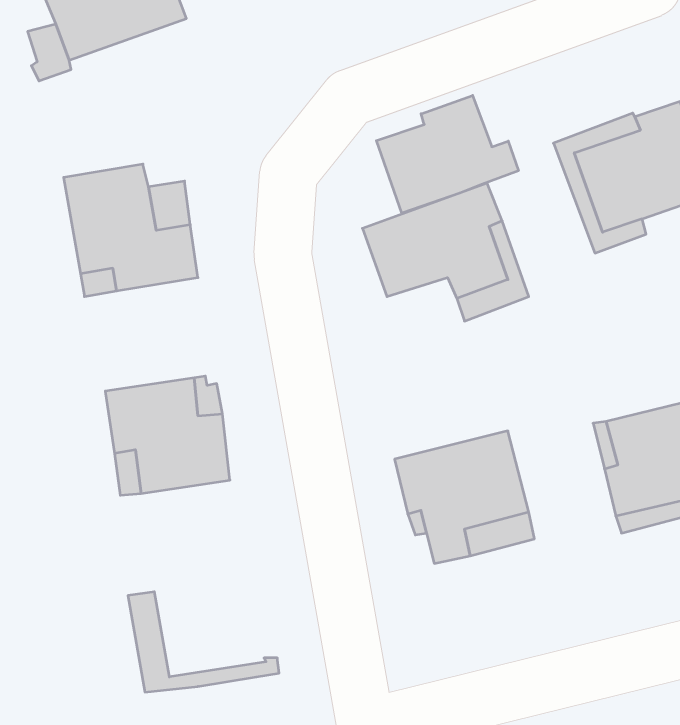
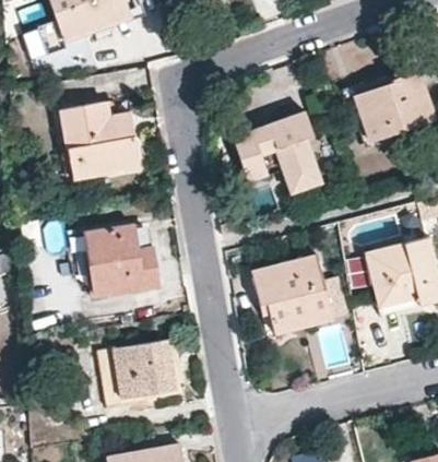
building: [376,95,518,213] -> none
building: none -> [113,339,177,398]

